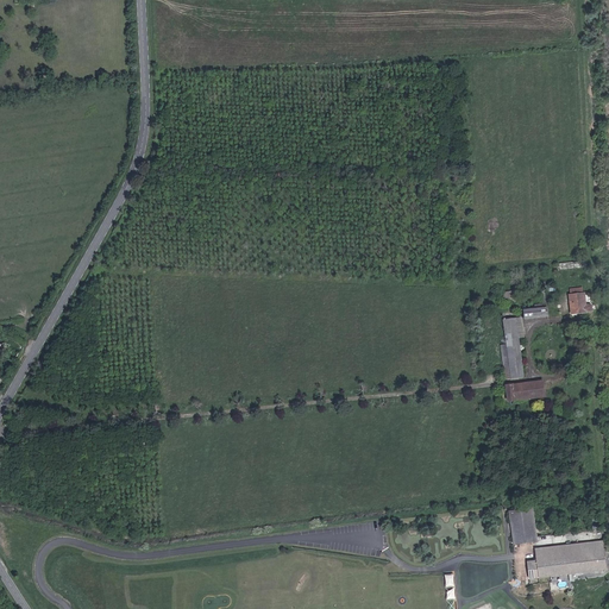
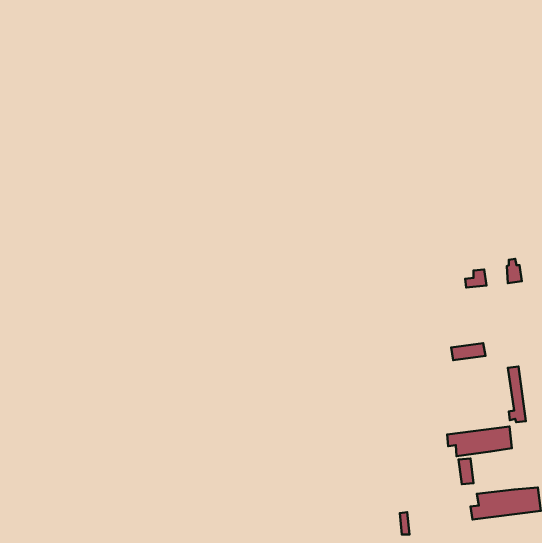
building: [502,319,522,381] -> [508,367,526,422]
building: none -> [447,427,512,456]

